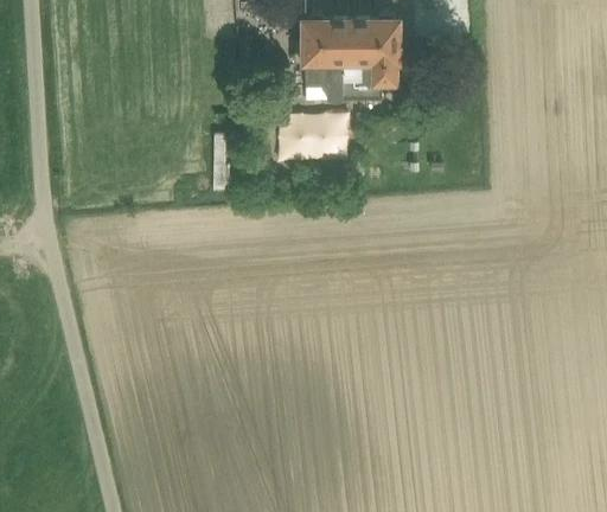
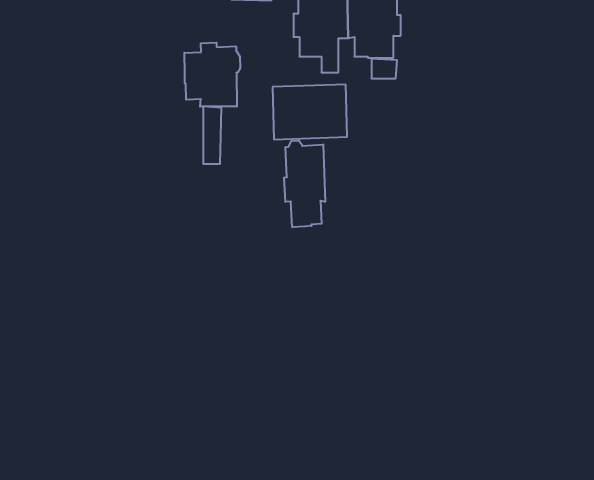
building: none -> [184,43,240,107]
building: none -> [284,140,325,227]

